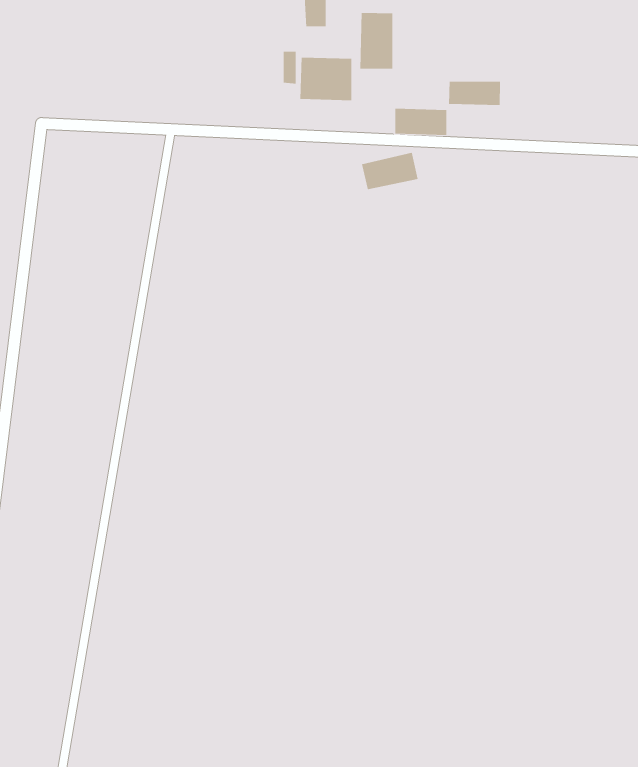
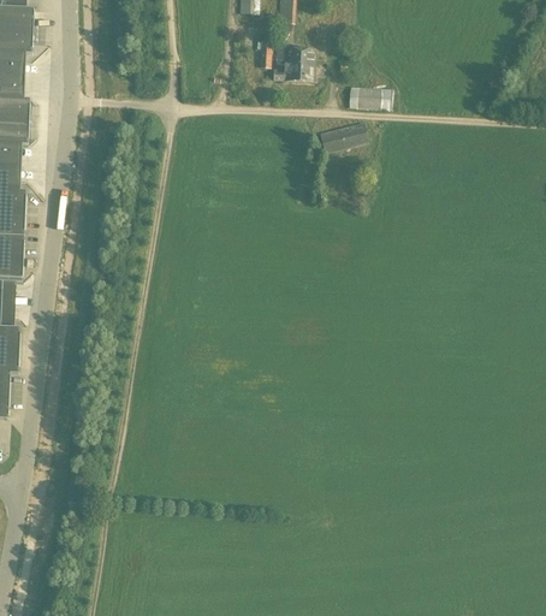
building: [360,12,393,70] -> none
building: [448,81,501,106] -> none

